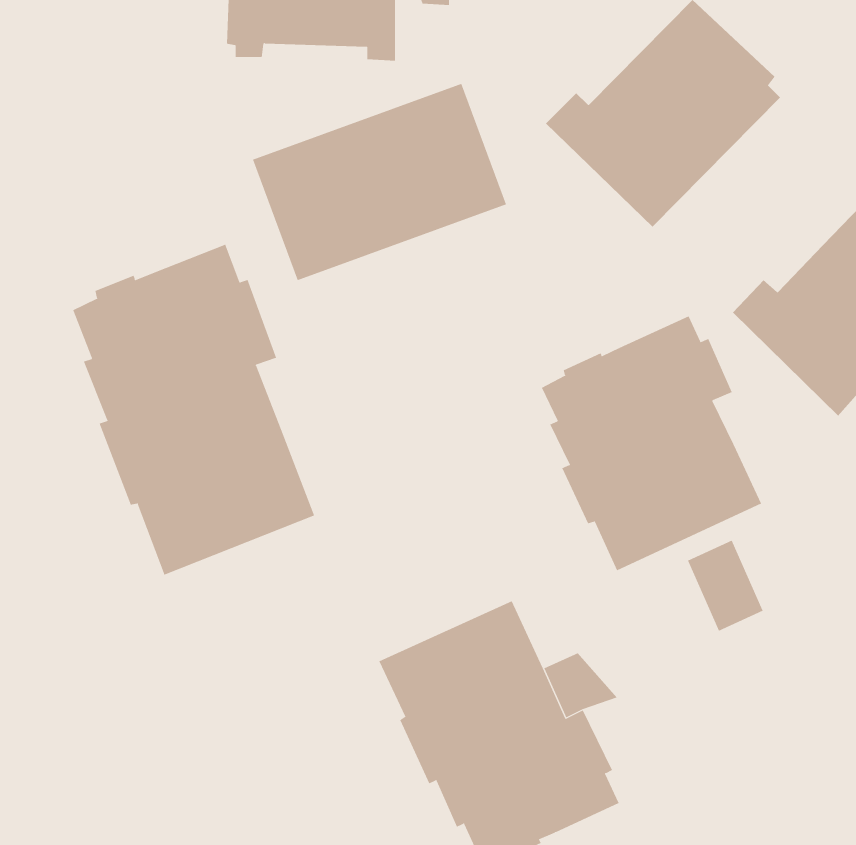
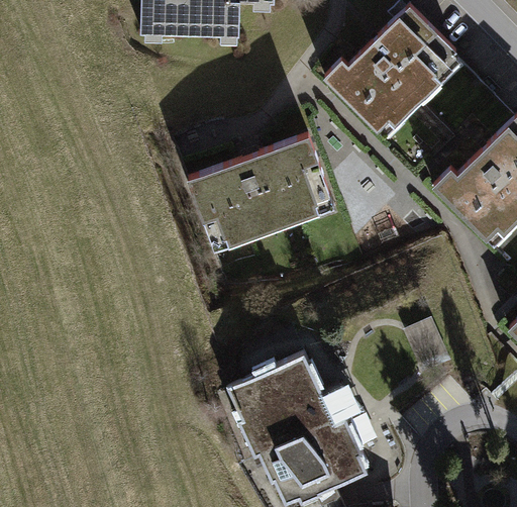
building: [252,83,507,281] -> [187,135,335,250]
building: [72,244,315,575] -> none
building: [541,315,762,571] -> none

